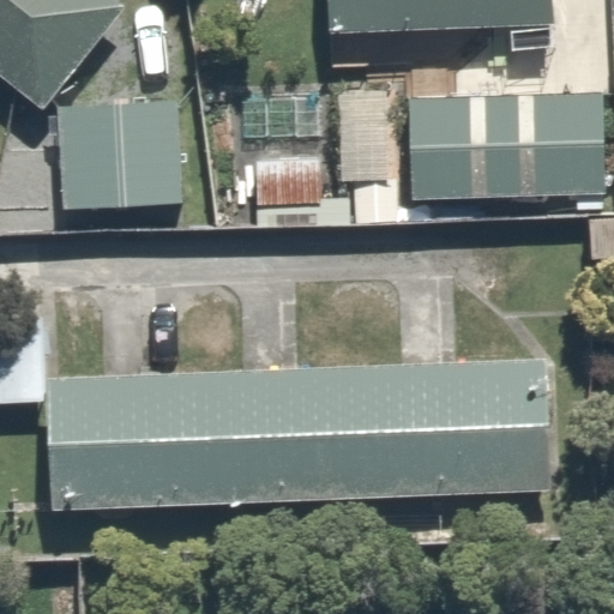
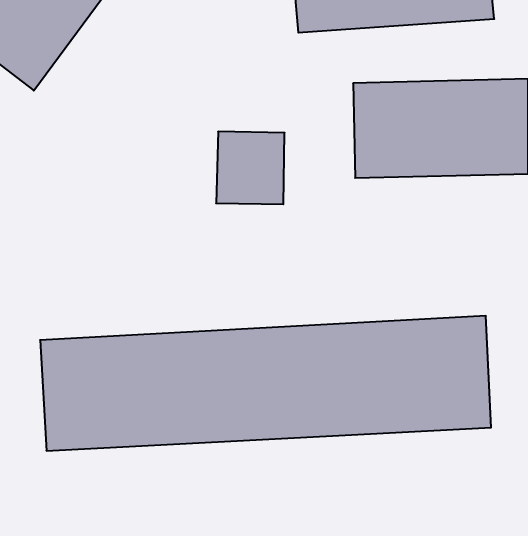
building: [55,96,194,199] -> none

